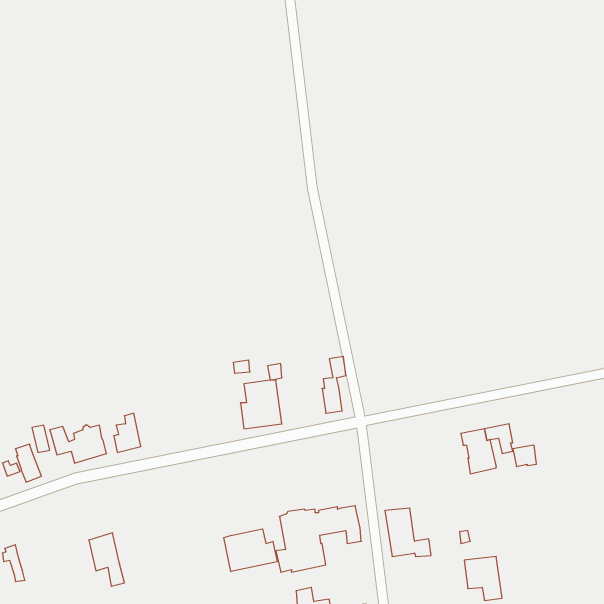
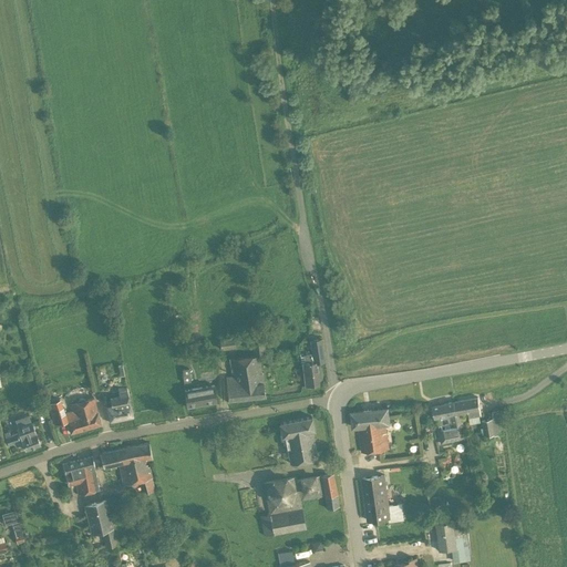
building: none -> [183,385,215,409]
building: none -> [350,408,389,453]
building: none -> [278,416,316,464]
building: none -> [99,442,154,495]
building: none -> [61,457,97,495]
building: [224,529,277,572] -> none

